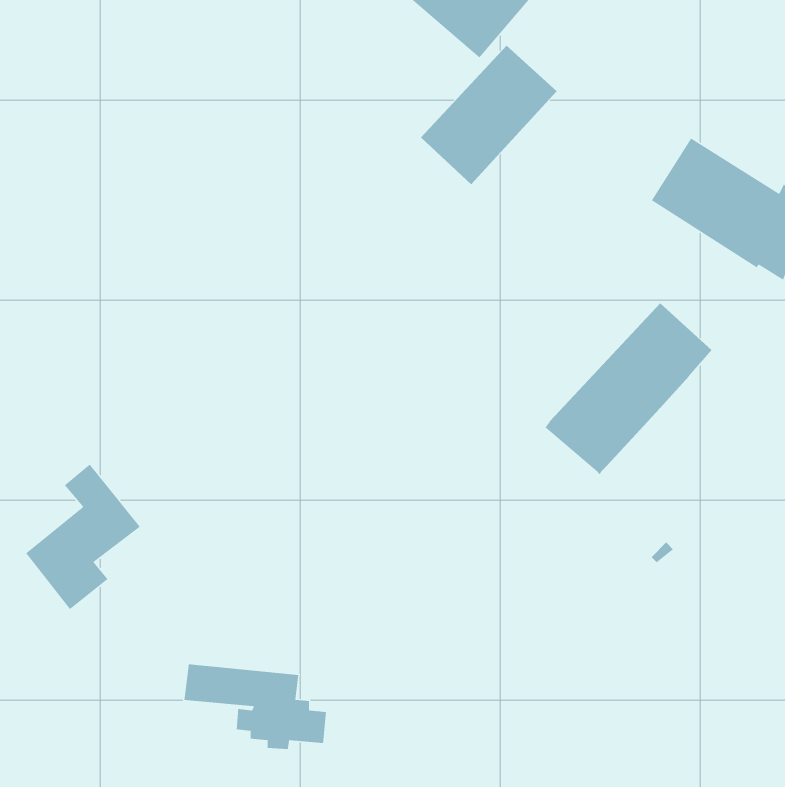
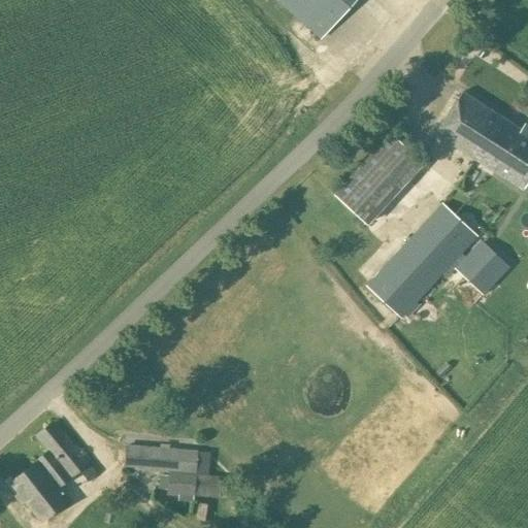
building: [420,45,557,185] -> [334,132,426,226]
building: none -> [455,242,500,294]
building: [25,464,141,610] -> [12,423,90,521]

